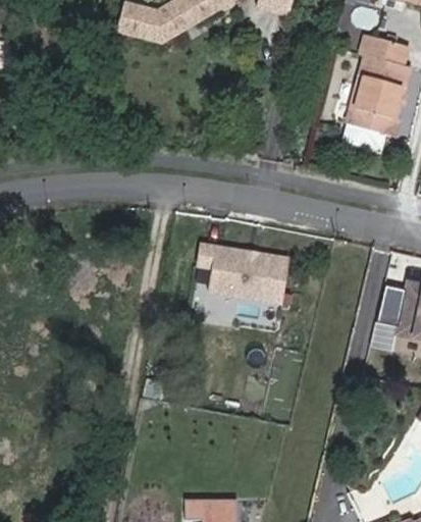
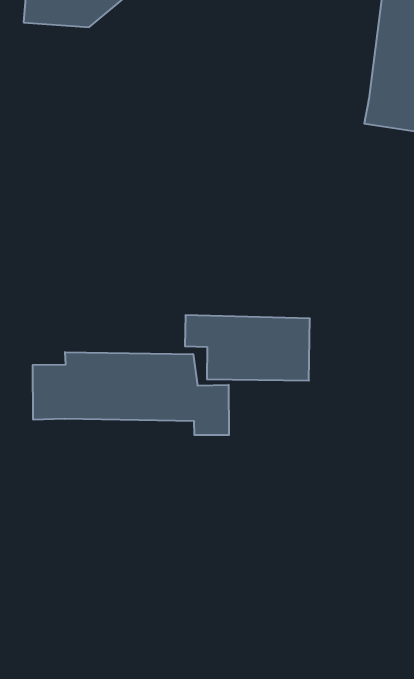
building: none -> [33,352,229,435]

